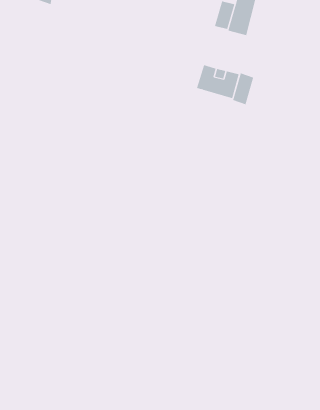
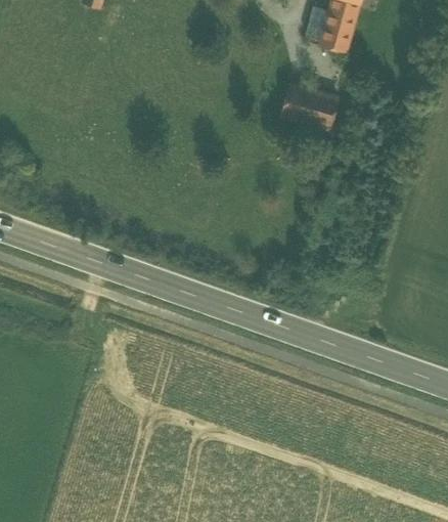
building: [232,72,254,105] -> none

